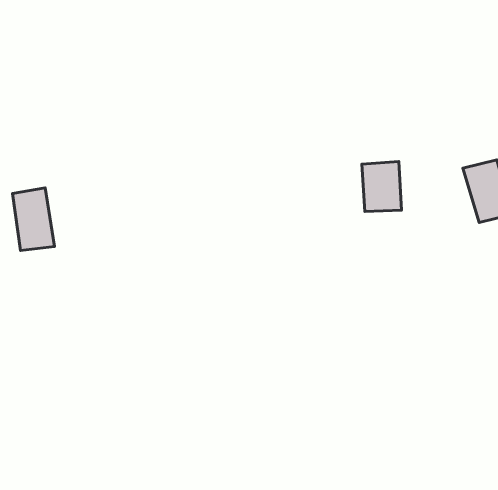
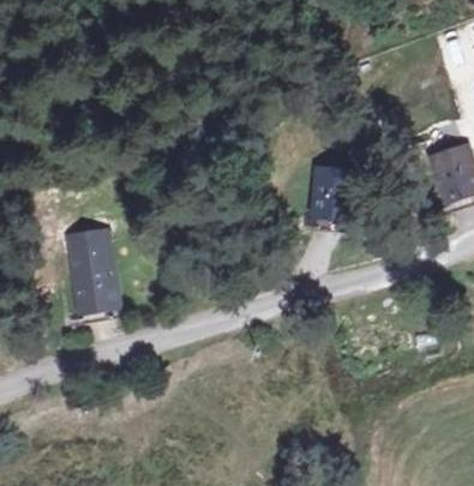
building: [12,188,55,251] -> [80,245,118,300]

